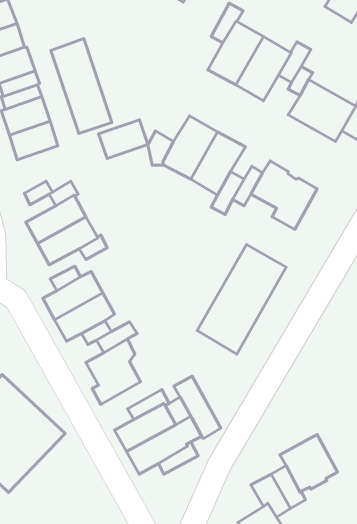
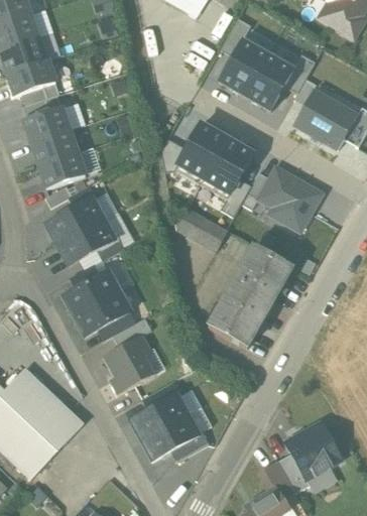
building: [51,39,112,134] -> none
building: [99,120,148,159] -> [38,152,85,188]
building: none -> [172,206,228,252]
building: [174,376,221,438] -> none

